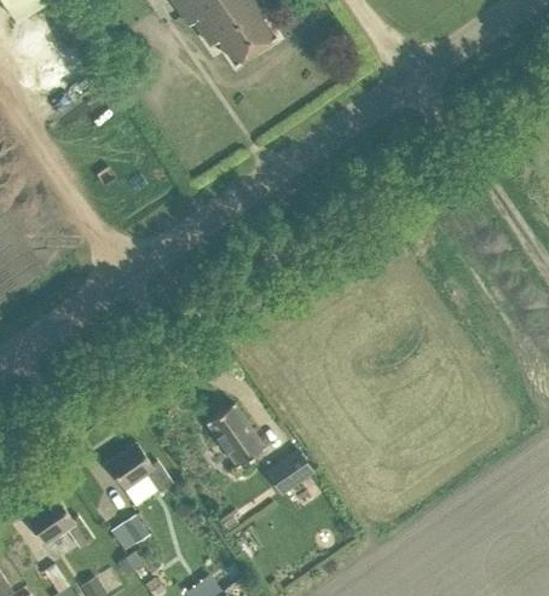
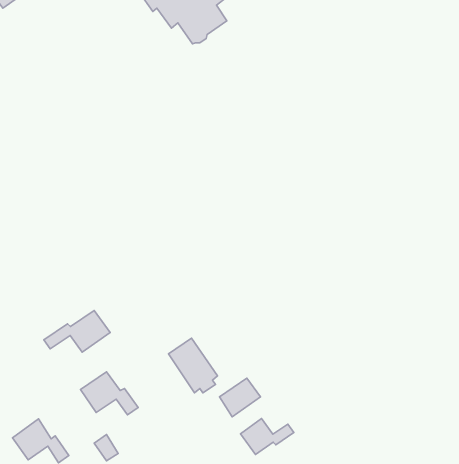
building: none -> [44,310,110,352]
building: none -> [240,419,294,454]

